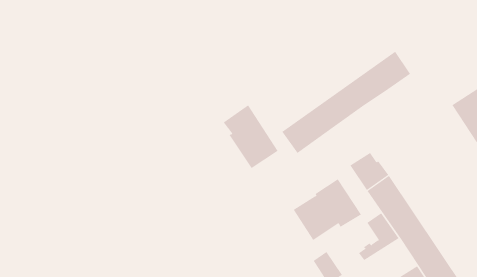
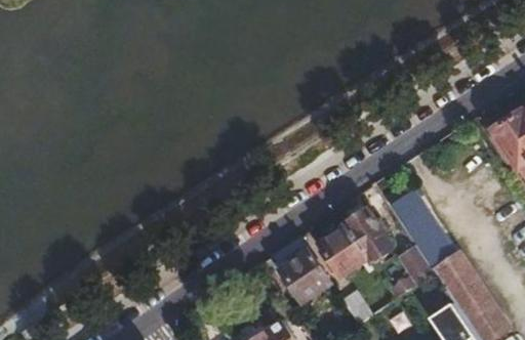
building: [281,51,411,154] -> none
building: [223,105,279,169] -> [271,233,331,303]

